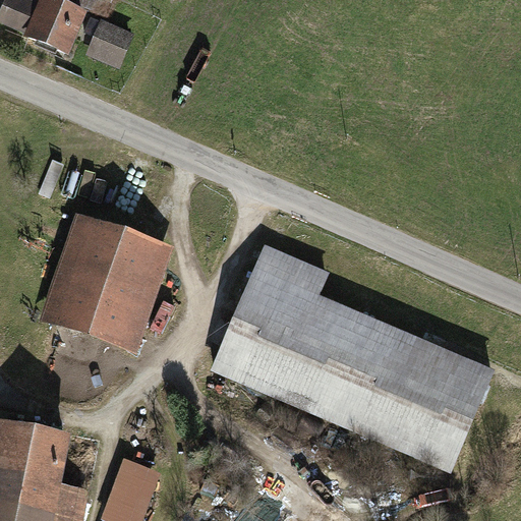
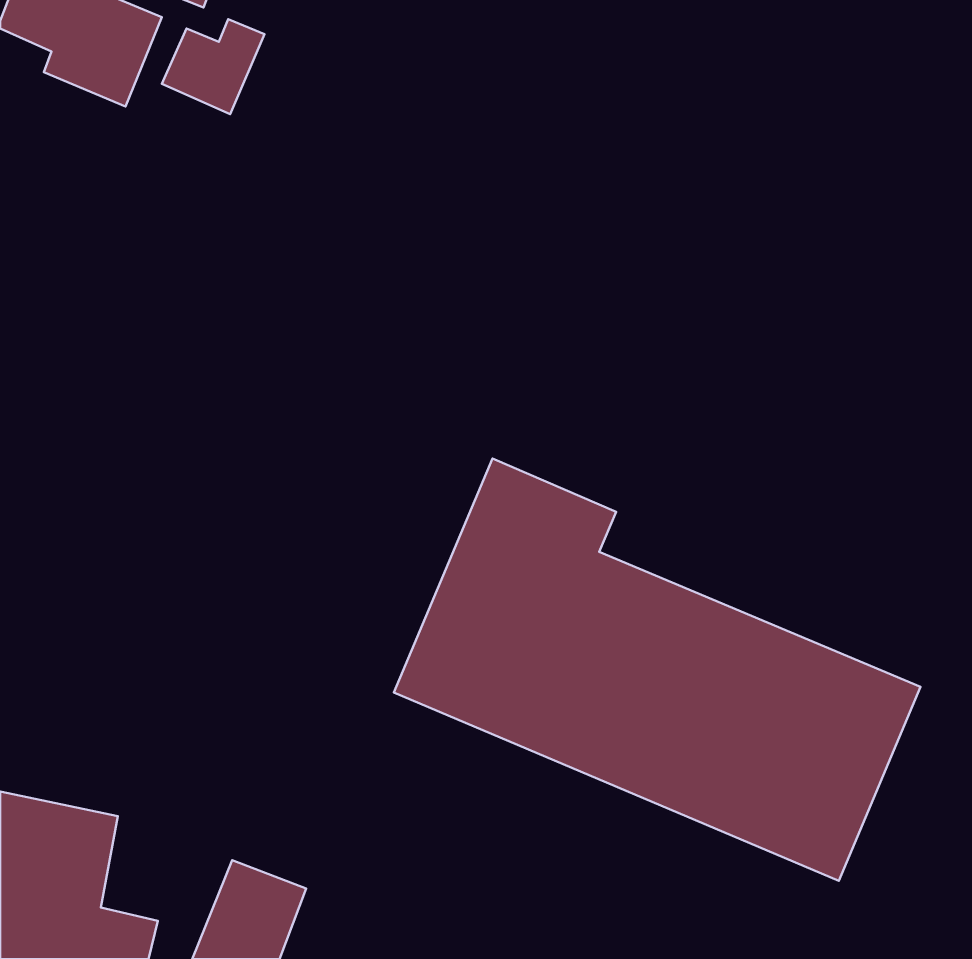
building: [39,213,173,353] -> none

